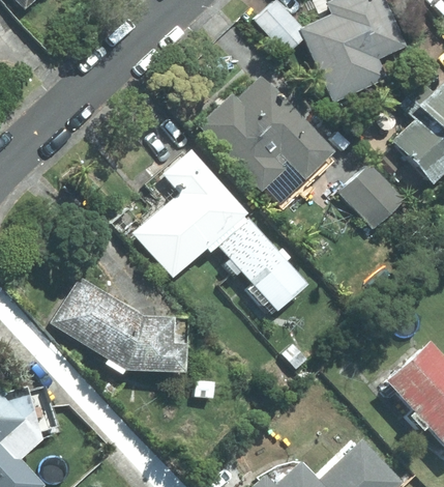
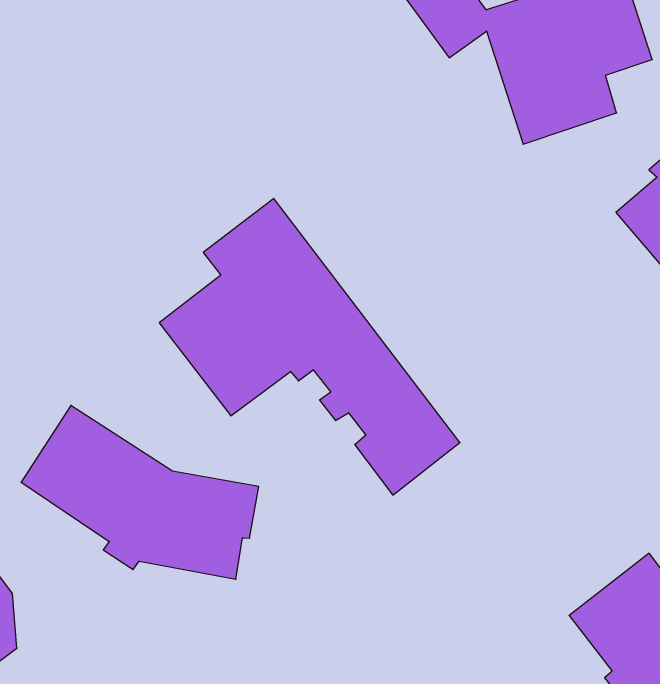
building: [200,67,346,190] -> none
building: [336,159,407,229] -> none

